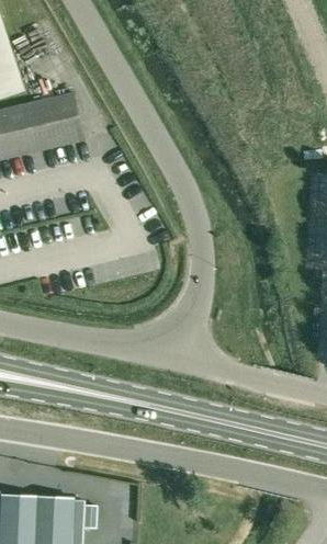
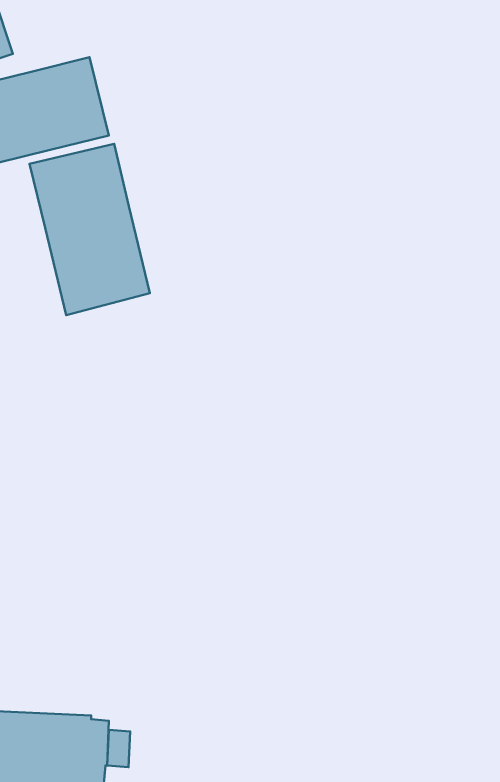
building: none -> [30,144,150,315]

